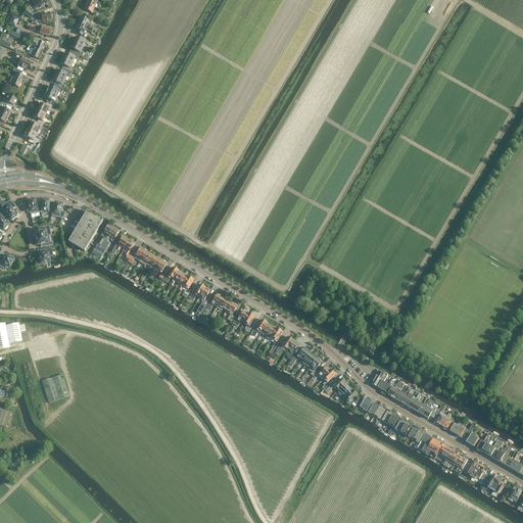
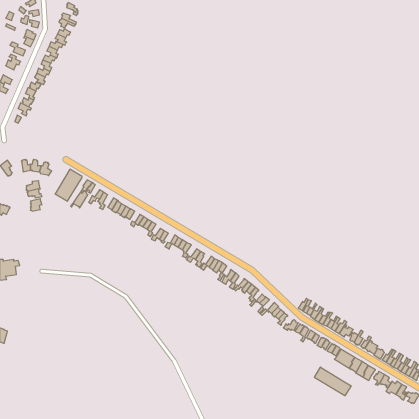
building: [41,374,68,402] -> none
building: none -> [314,367,351,396]

